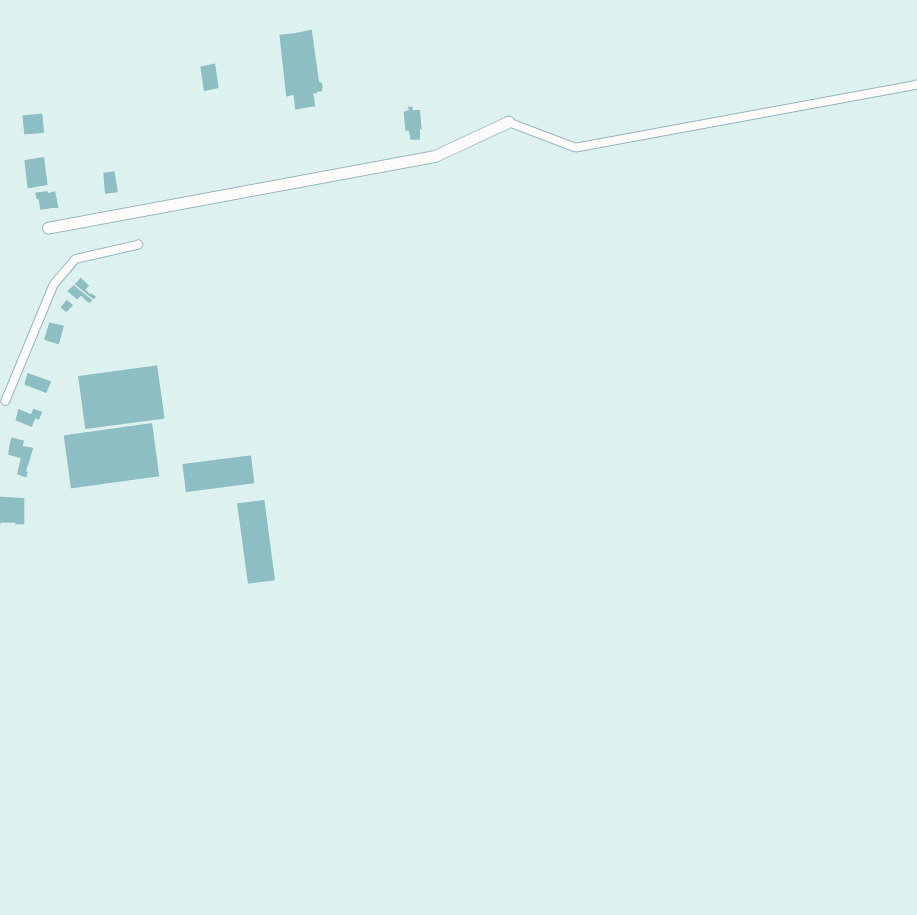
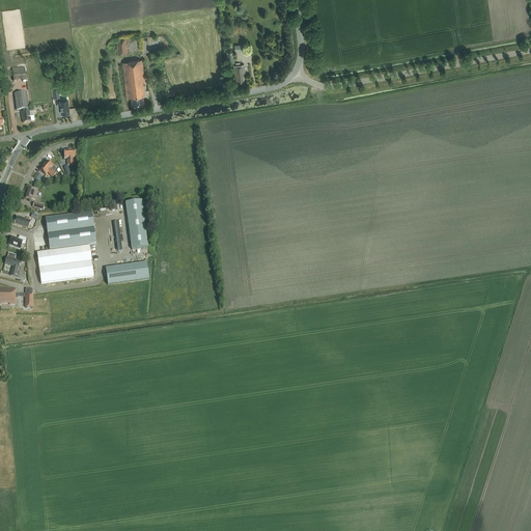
building: [278,29,323,110] -> [121,57,147,104]
building: [236,500,276,584] -> [124,199,147,248]

